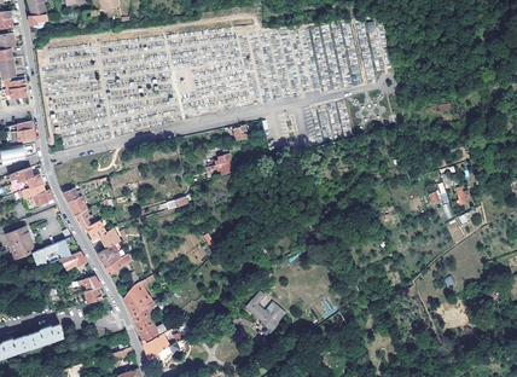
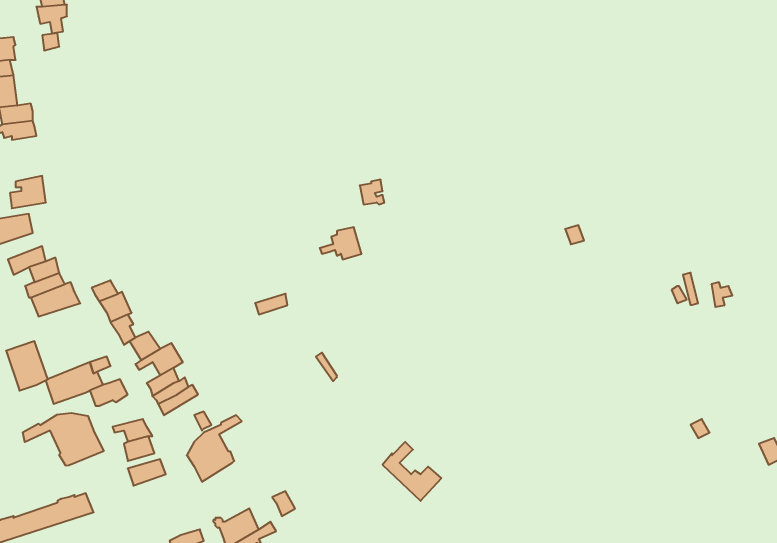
building: none -> [23,413,104,466]
building: [132,304,165,341] -> none

